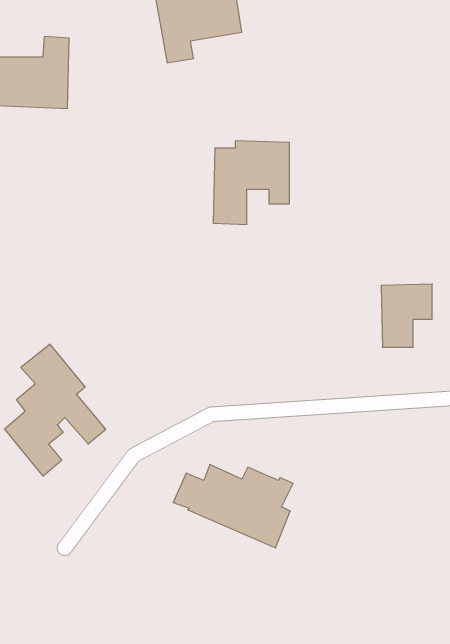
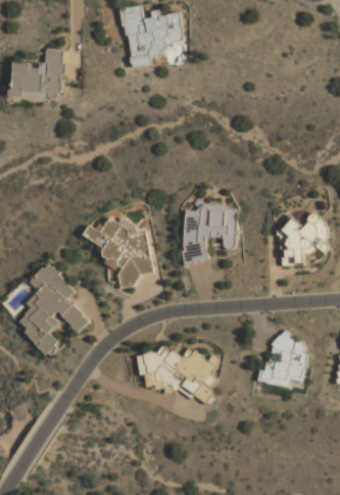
building: [213,141,289,224] -> [183,204,236,262]
building: none -> [85,218,153,283]
building: none -> [259,333,308,388]

